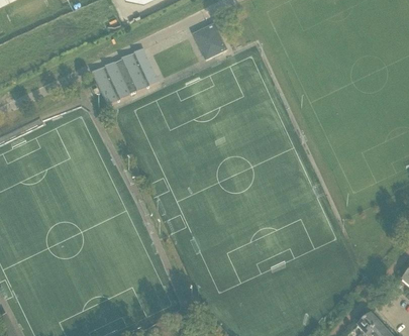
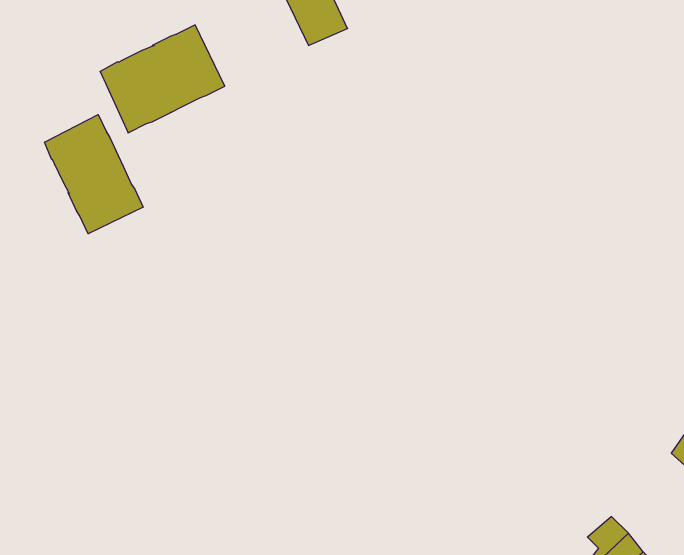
building: none -> [45,115,143,234]

